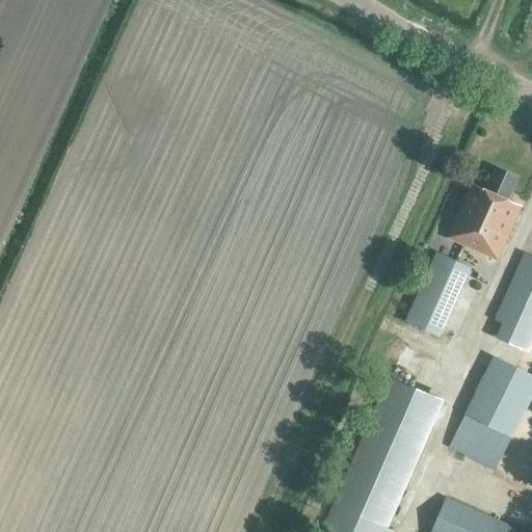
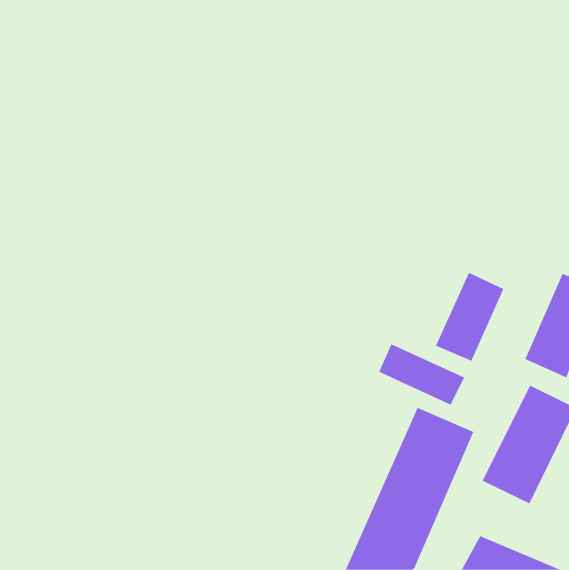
building: [449,170,522,261] -> none
building: none -> [378,344,465,406]

